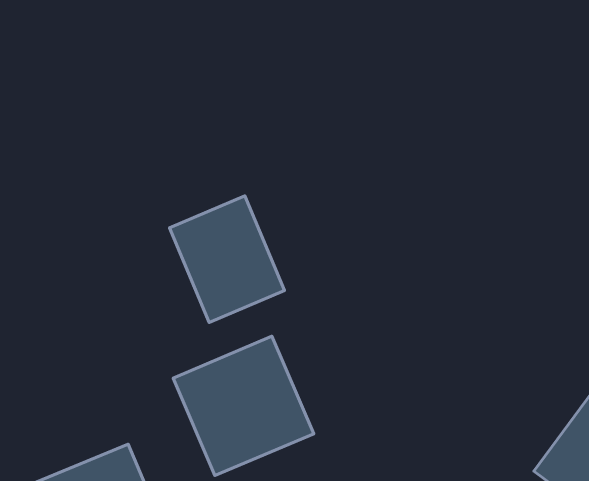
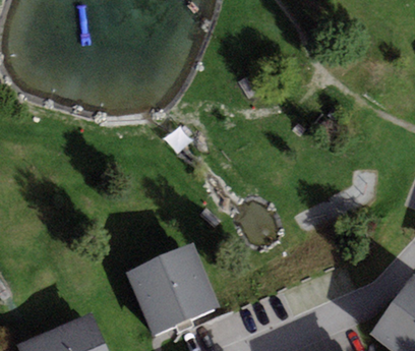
building: [169,196,284,322] -> none

